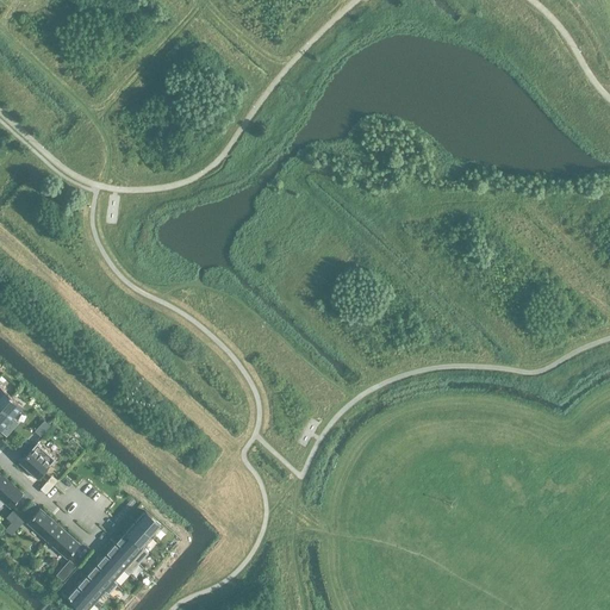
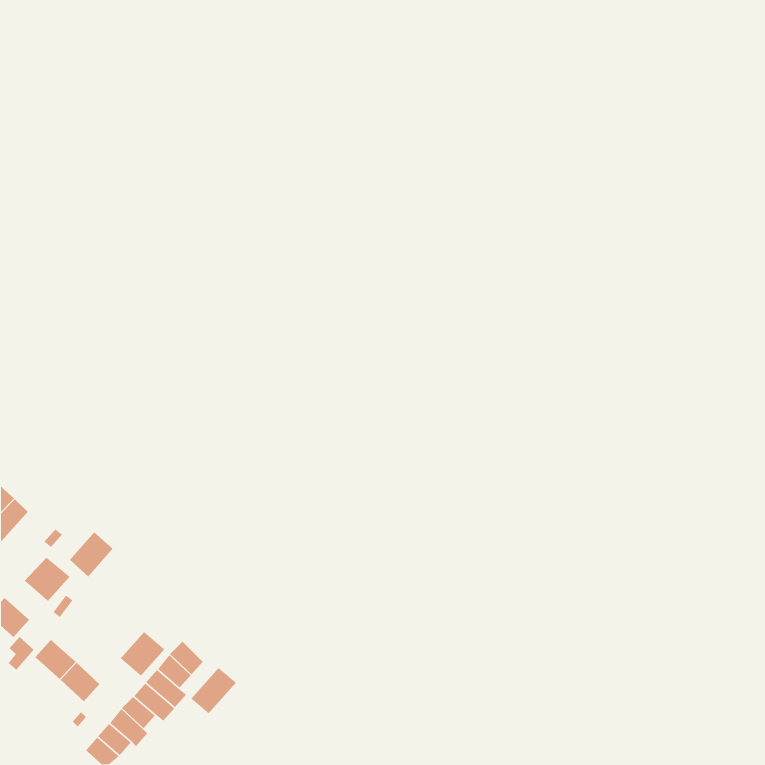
building: none -> [69,531,114,577]
building: none -> [120,631,165,677]
building: none -> [190,667,237,714]

